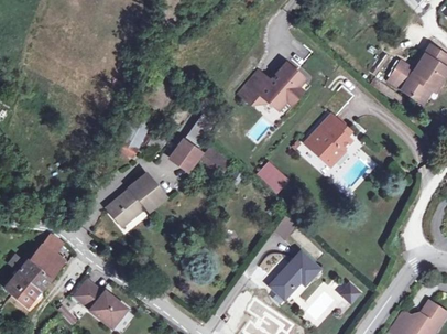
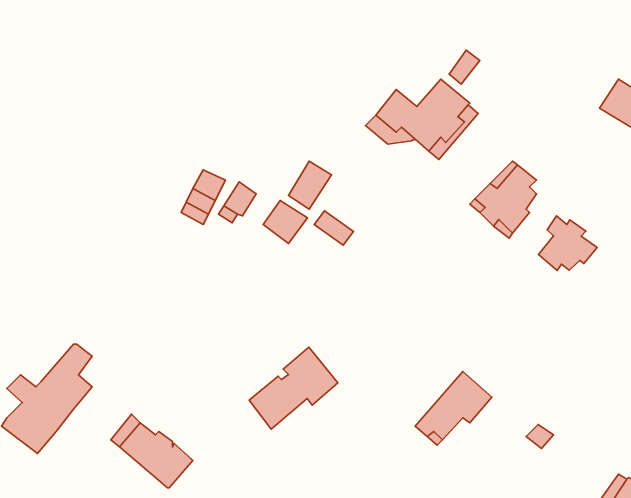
building: none -> [538,216,597,271]
building: [258,161,292,194] -> none
building: [108,173,165,226] -> [249,347,338,429]

